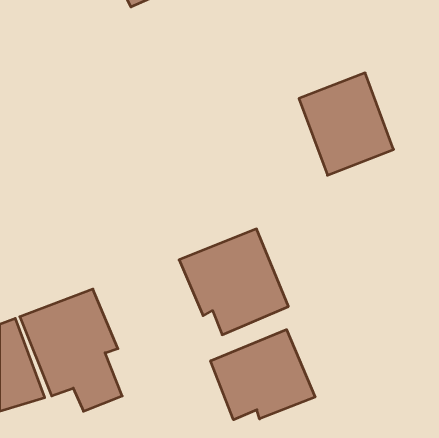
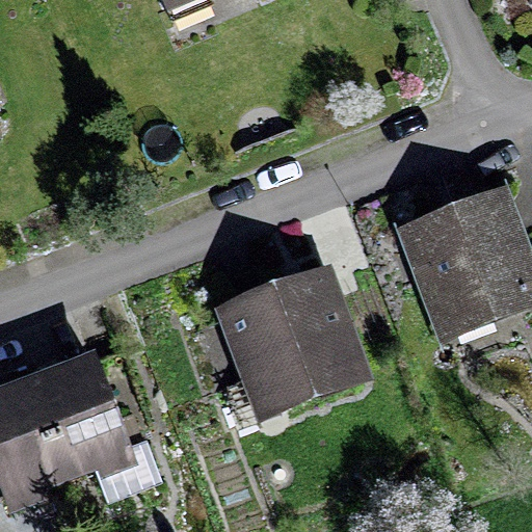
building: [299,73,394,175] -> [405,203,520,326]
building: [211,330,315,420] -> none

